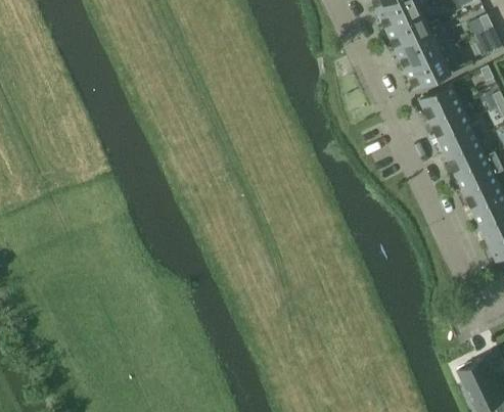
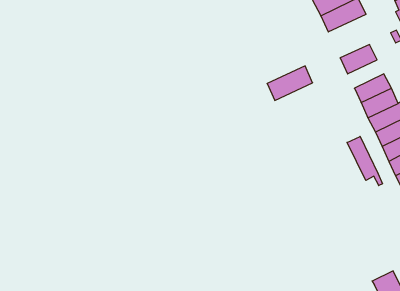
building: [404,46,459,88] -> [267,66,313,100]
building: [427,101,471,136] -> none
building: none -> [347,136,383,186]

